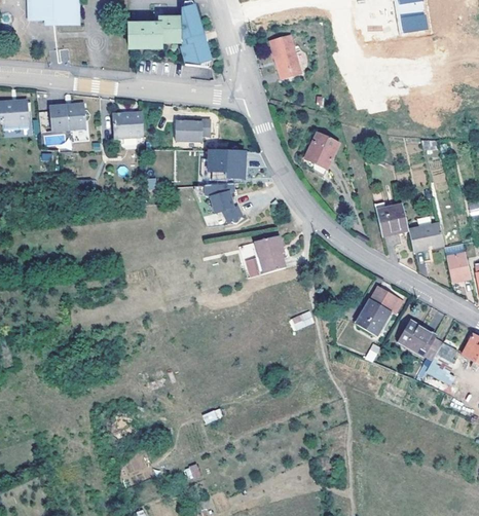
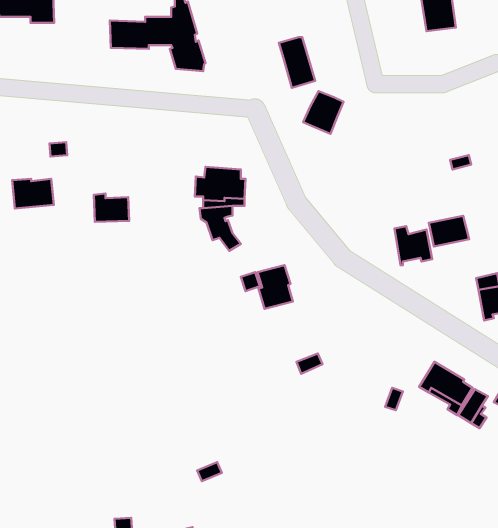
building: [47,103,83,128] -> [12,179,54,208]
building: [112,111,143,136] -> [94,194,129,222]
building: [176,119,211,142] -> none
building: [309,134,344,171] -> [303,91,343,134]
building: [407,223,442,250] -> [429,216,469,246]
building: [357,284,390,332] -> none

